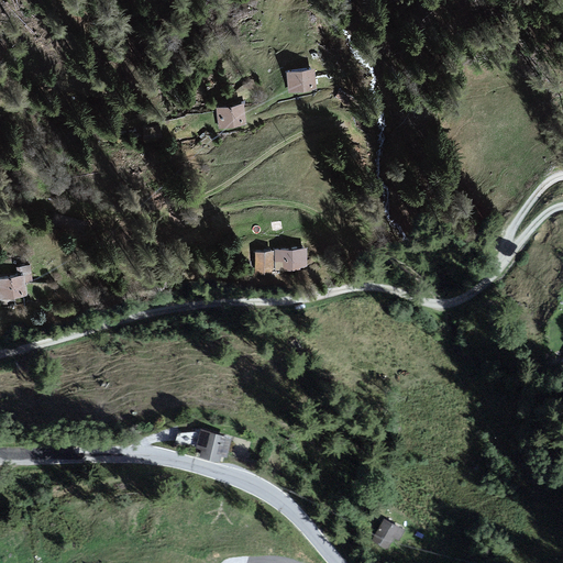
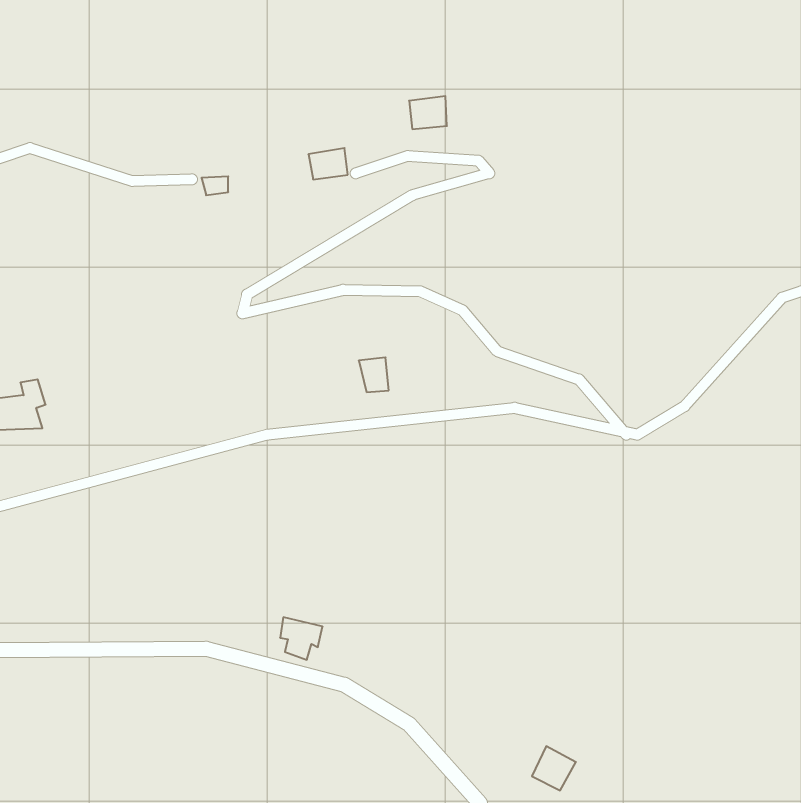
building: [273,246,307,273] -> none

